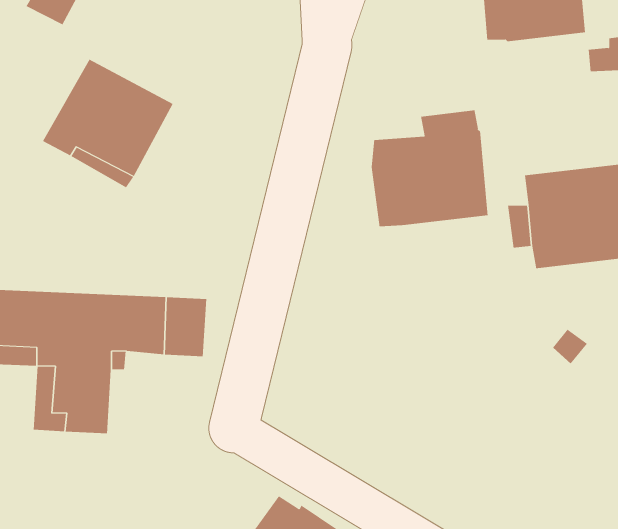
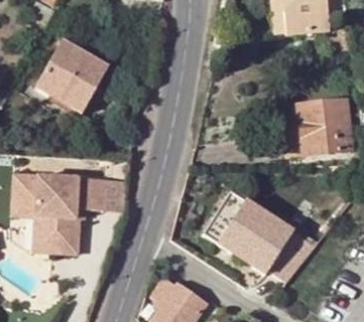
building: [371,110,488,227] -> none
building: none -> [200,184,312,274]

